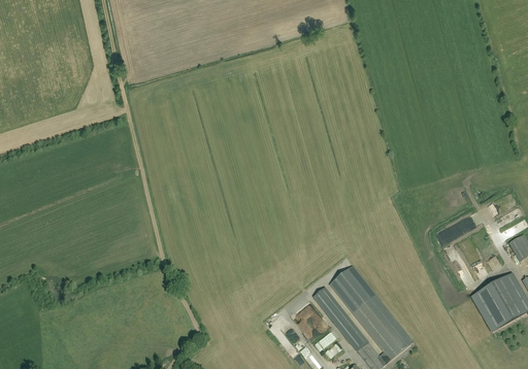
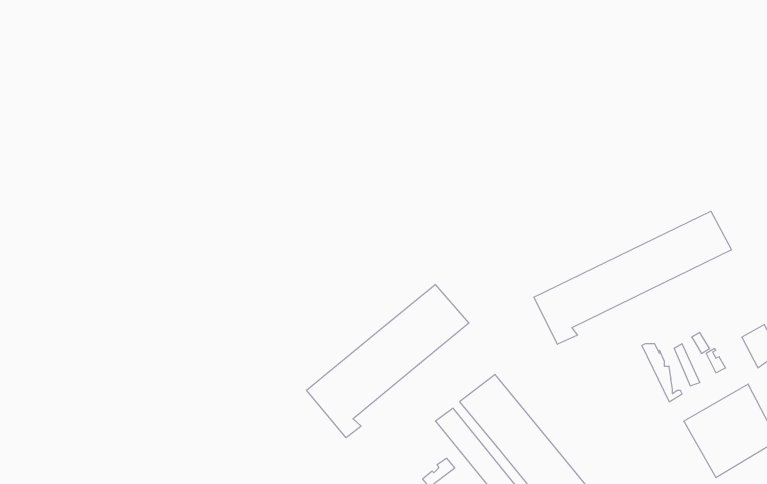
building: none -> [534,211,731,344]
building: none -> [307,284,469,438]

